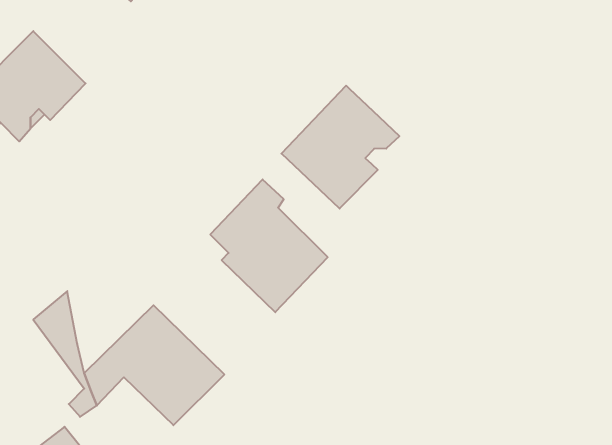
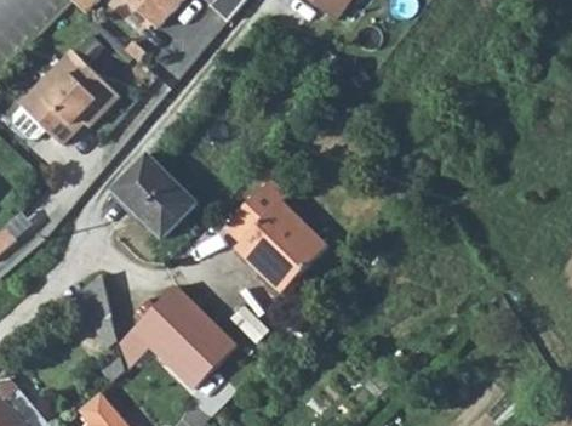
building: [281,86,399,209] -> none
building: none -> [114,155,196,238]

